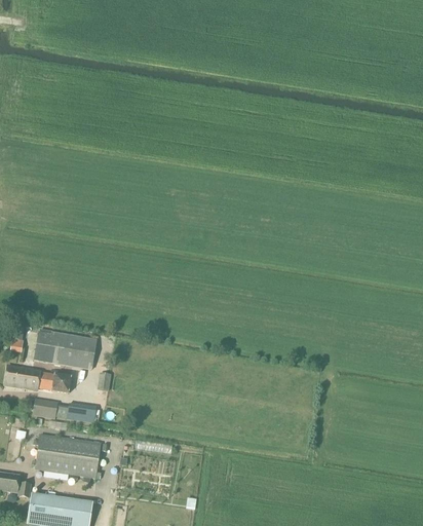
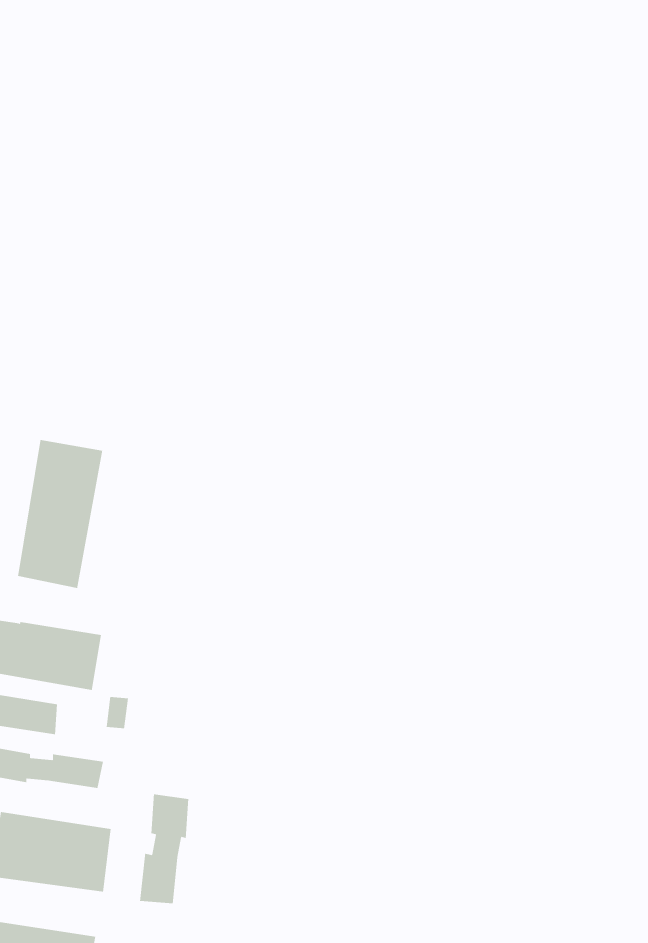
building: none -> [17,439,103,589]
building: none -> [139,794,189,904]

